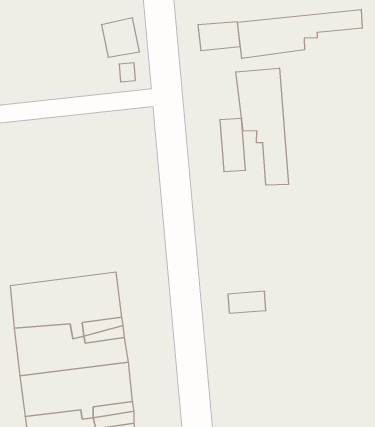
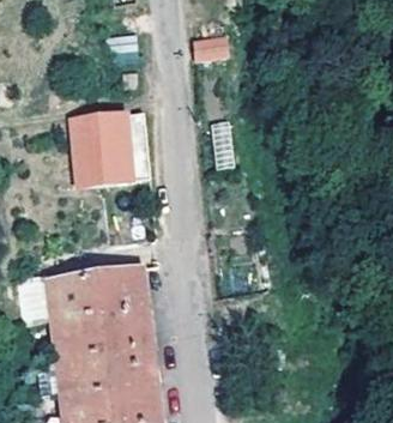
building: [237,9,362,59] -> none
building: [236,68,289,185] -> none
building: none -> [87,116,143,188]

